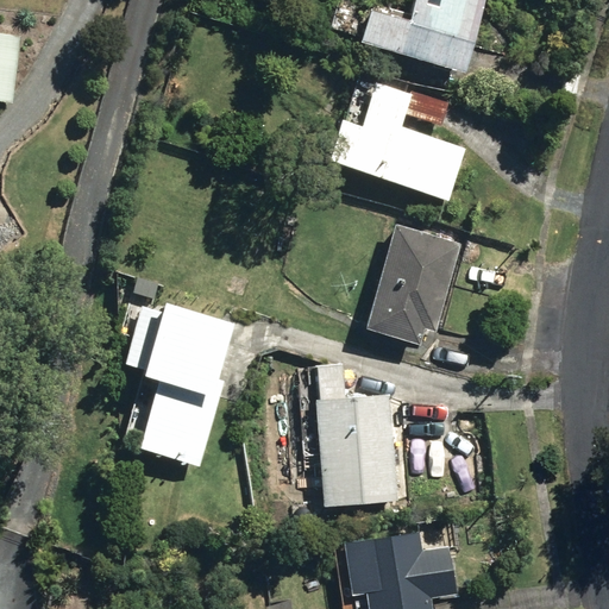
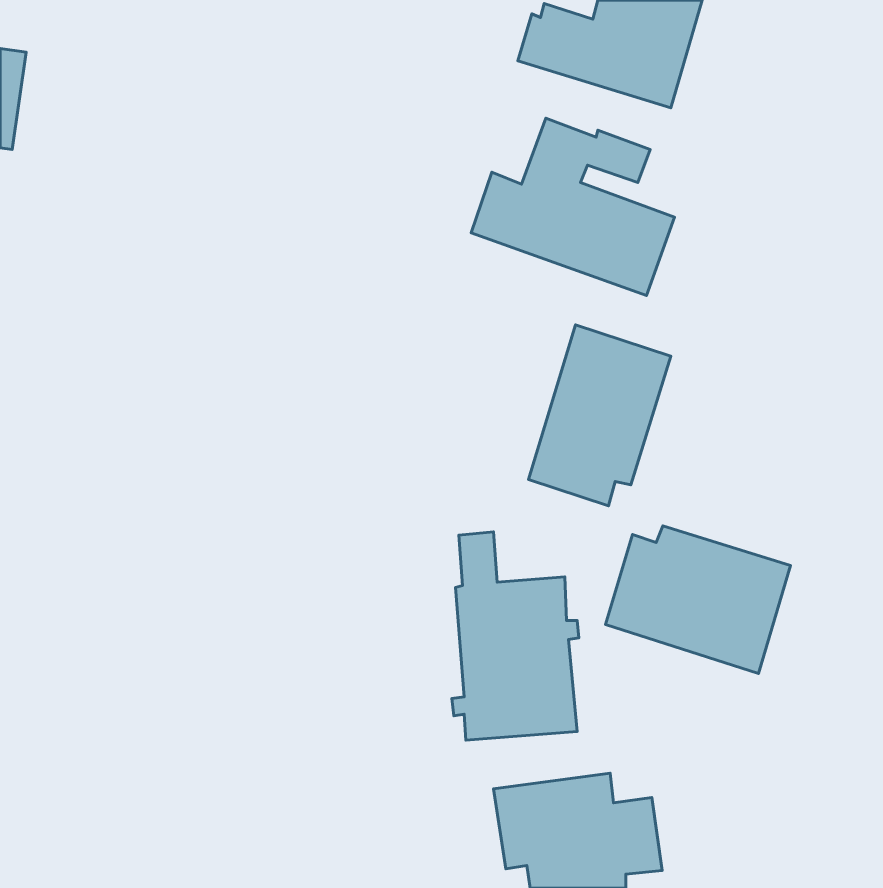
building: [130,309,226,459] -> none
building: none -> [606,526,790,673]

